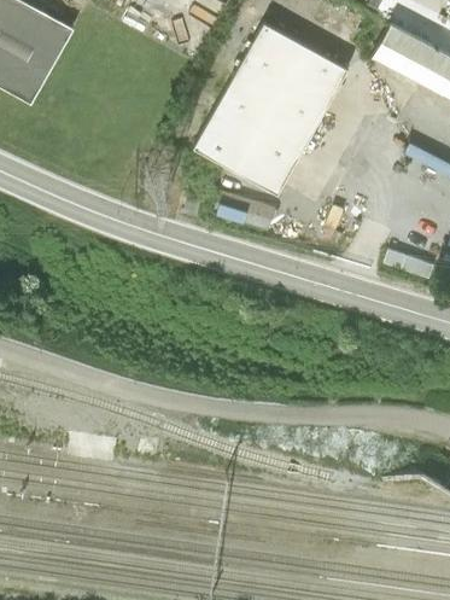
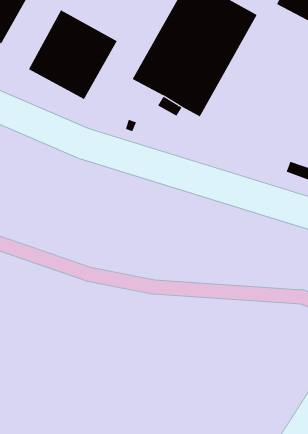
building: none -> [28,9,117,100]

